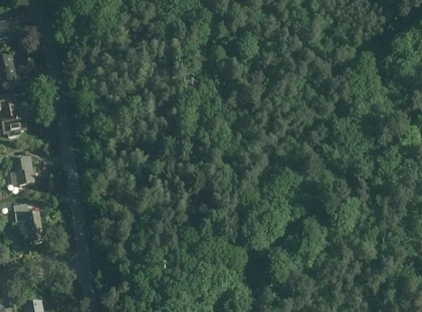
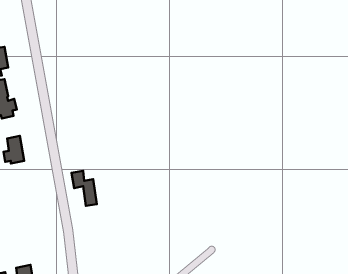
building: [12,204,40,243] -> [72,171,97,206]

